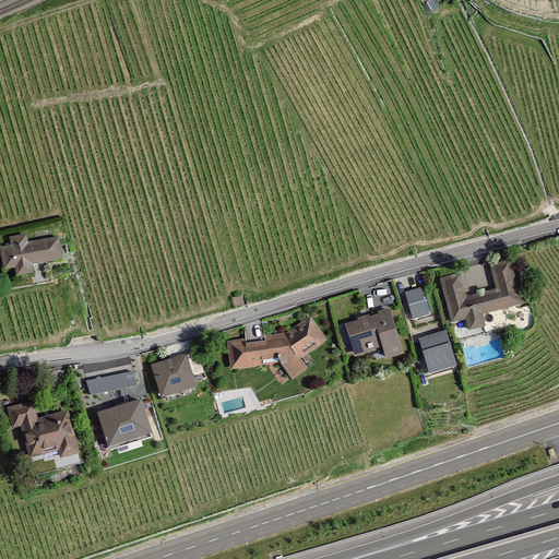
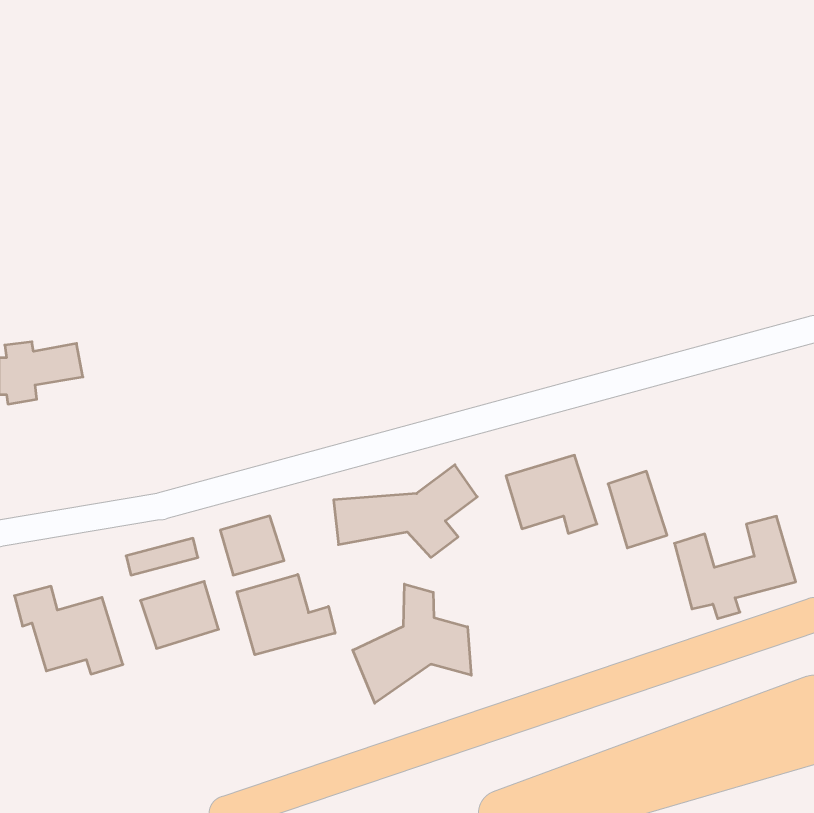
building: [439,259,522,329] -> [674,516,796,619]
building: [404,286,431,320] -> none
building: none -> [237,574,335,655]
building: none -> [353,584,471,703]

